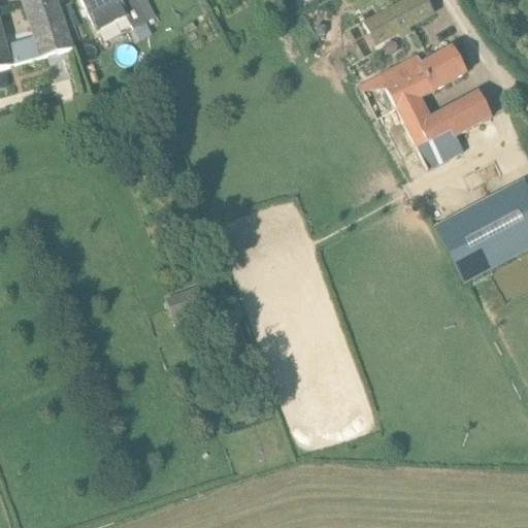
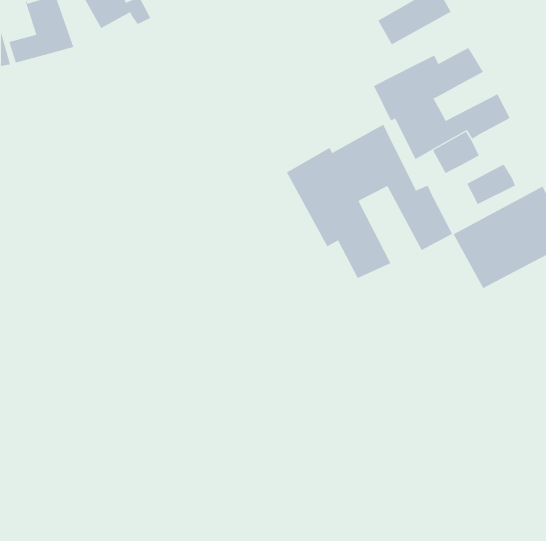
building: none -> [286,124,453,279]
building: none -> [467,164,516,205]

